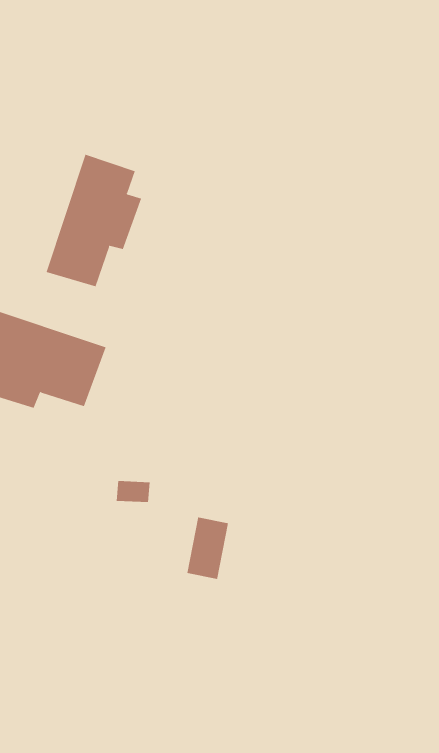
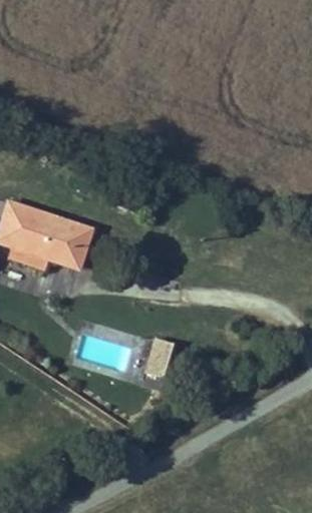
building: [46,154,142,287] -> none

